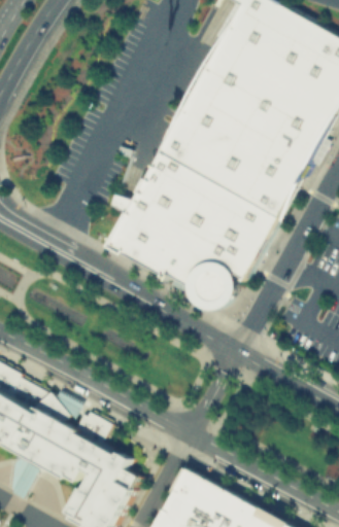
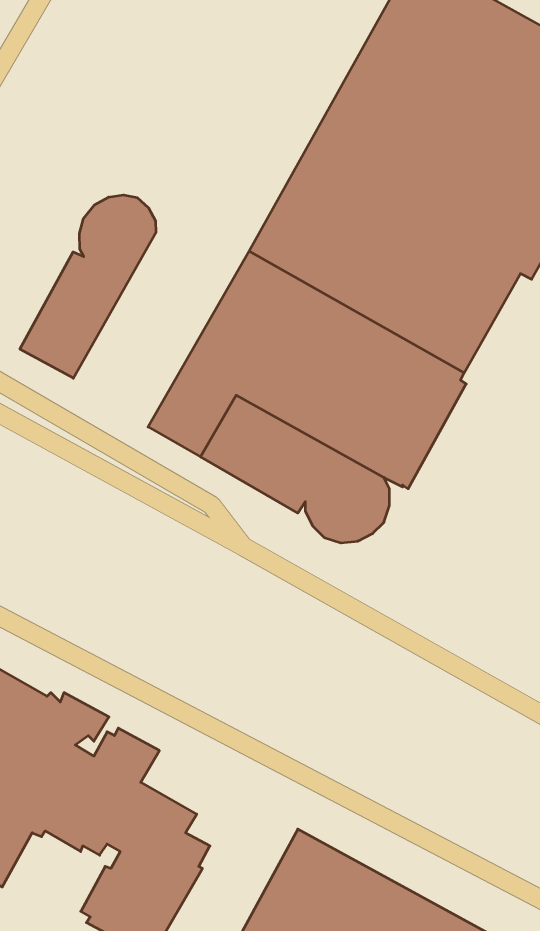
building: none -> [20,195,156,378]

